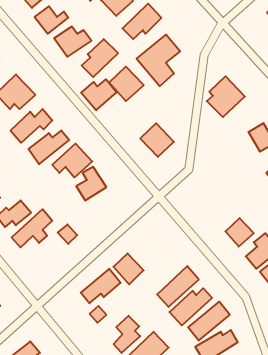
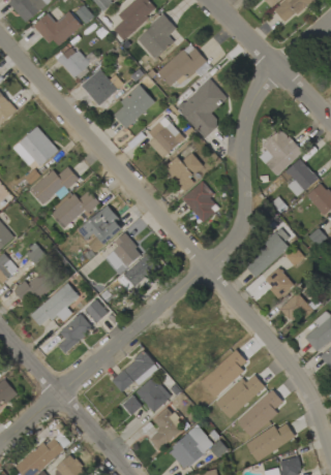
building: [81,79,117,110] -> [163,152,205,188]
building: none -> [287,158,318,196]
building: none -> [243,226,290,278]
building: none -> [124,253,161,286]
building: none -> [264,266,295,298]
building: none -> [58,313,94,352]
building: [113,253,144,284] -> [137,376,172,412]

